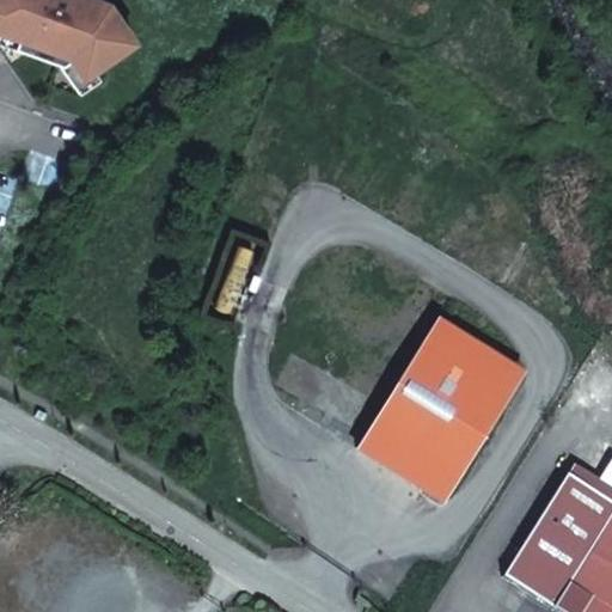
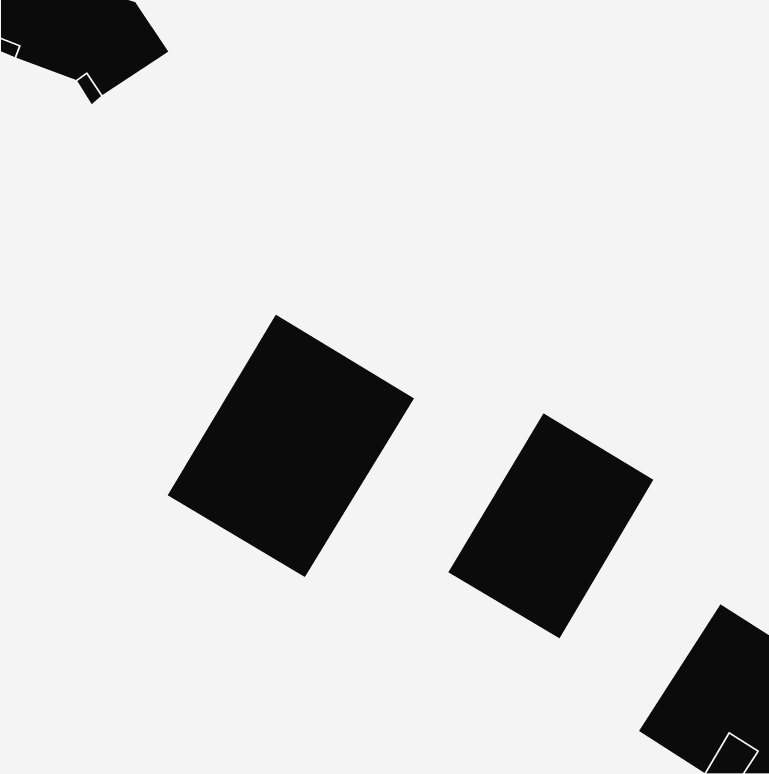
building: none -> [166,314,415,578]

